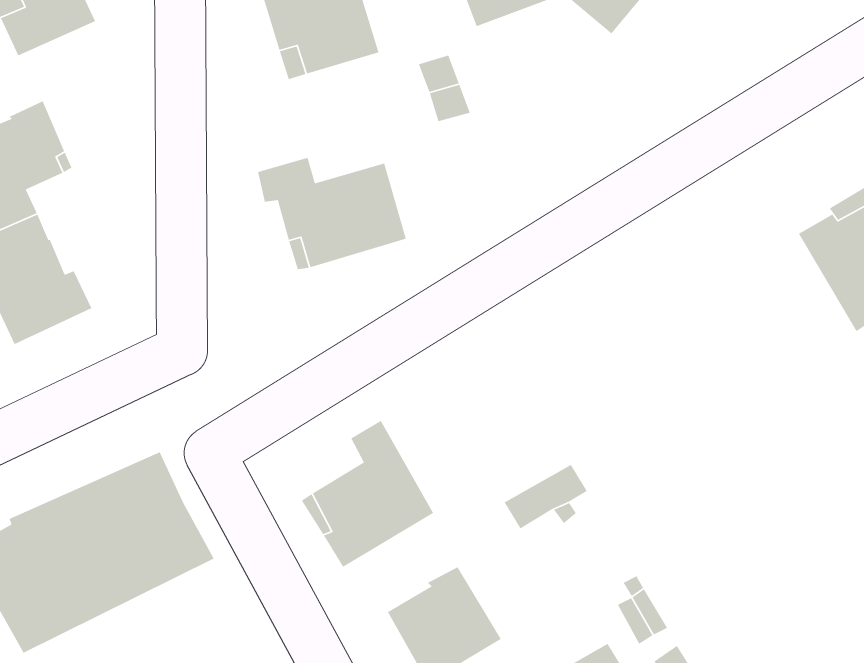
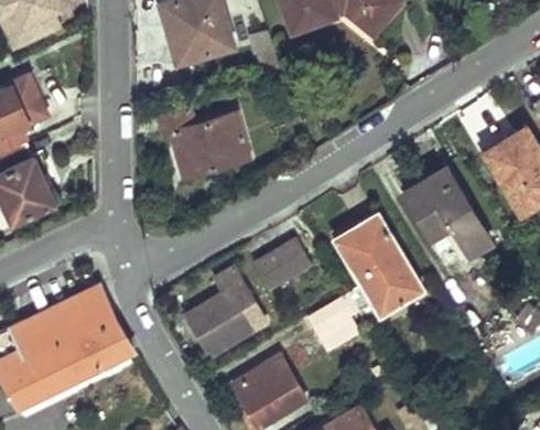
building: none -> [402,168,490,256]
building: none -> [334,213,421,314]
building: none -> [252,238,311,290]

